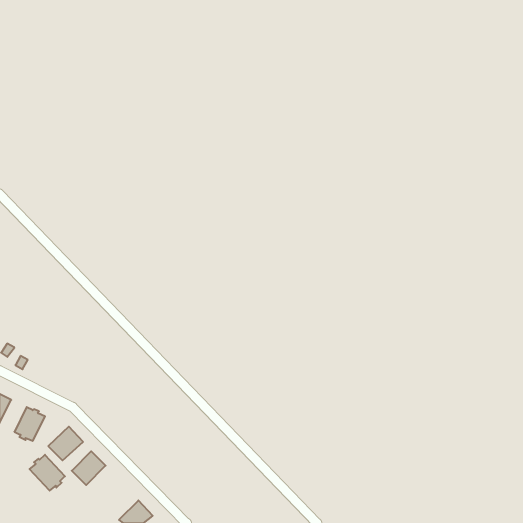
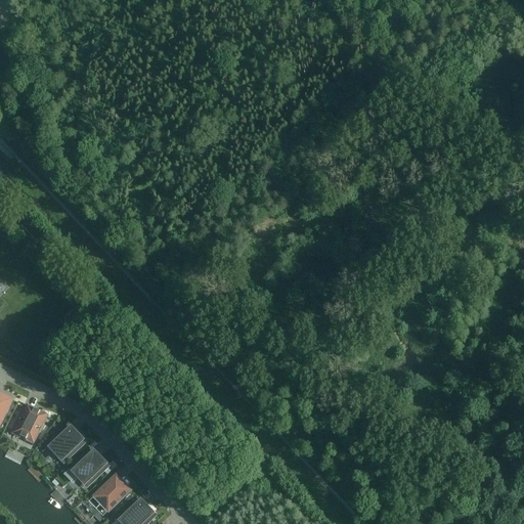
building: [30,455,65,491] -> none
building: none -> [96,475,129,508]

